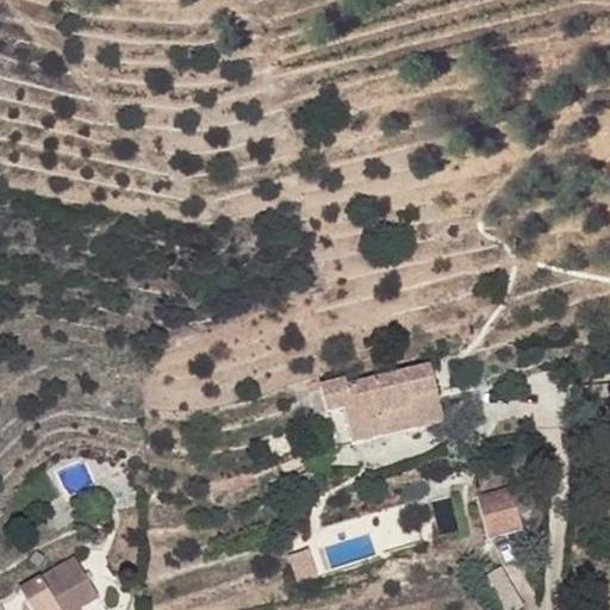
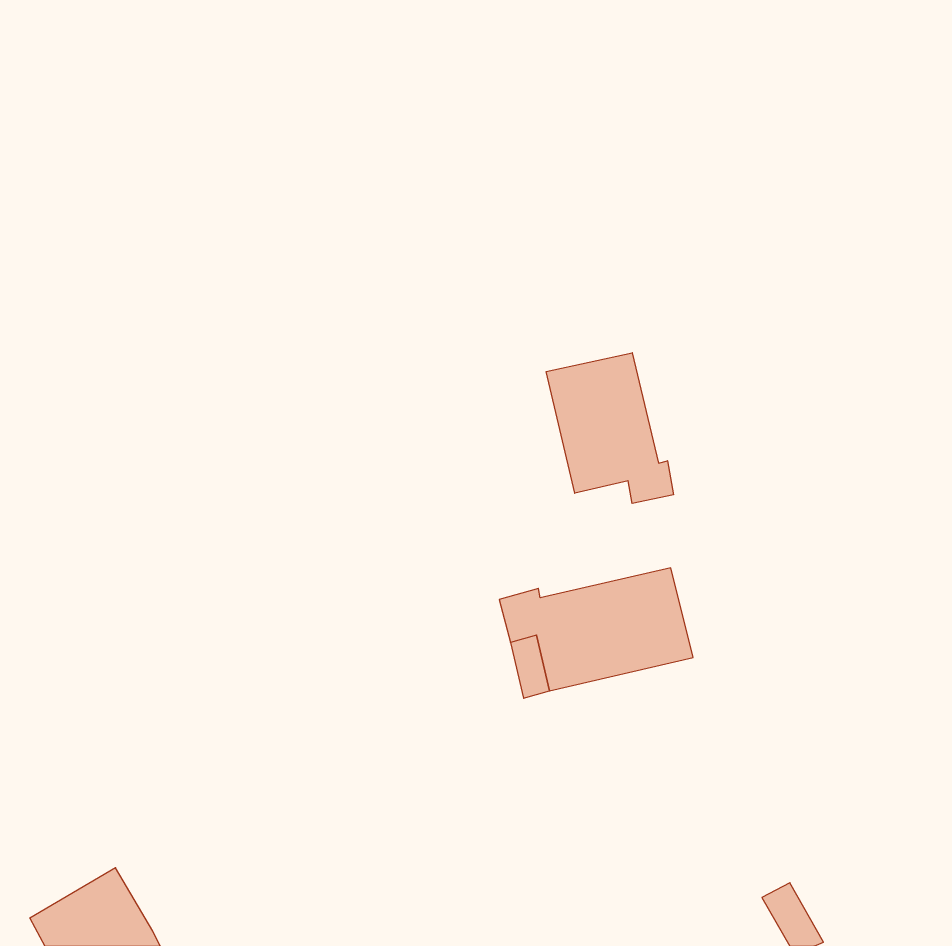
building: none -> [546,353,673,503]
building: [477,484,530,535] -> none

